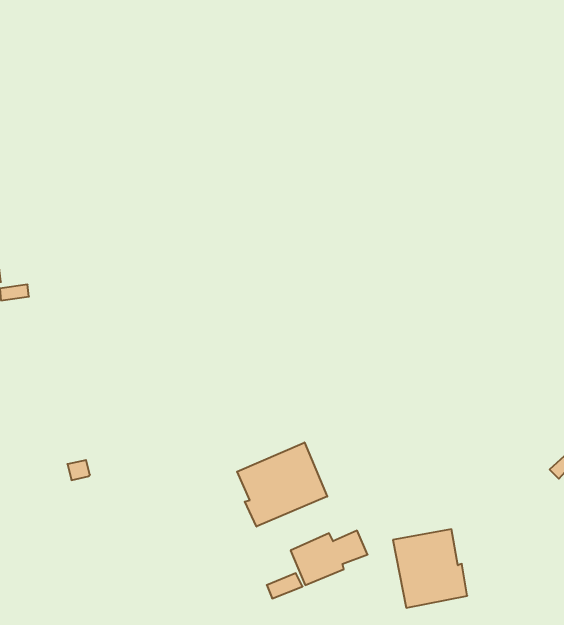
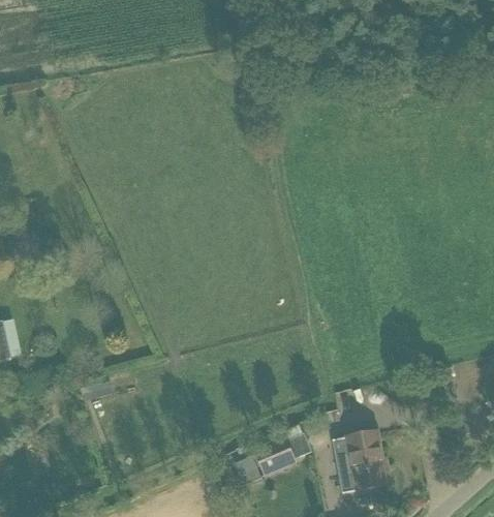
building: [237,442,327,527] -> none

